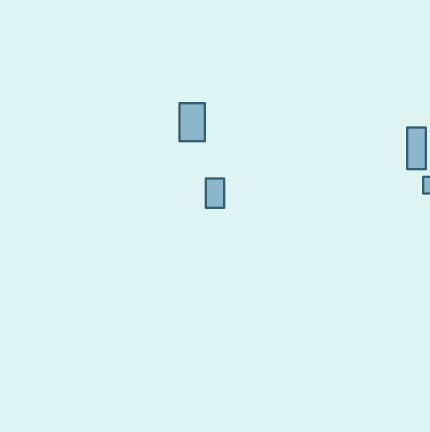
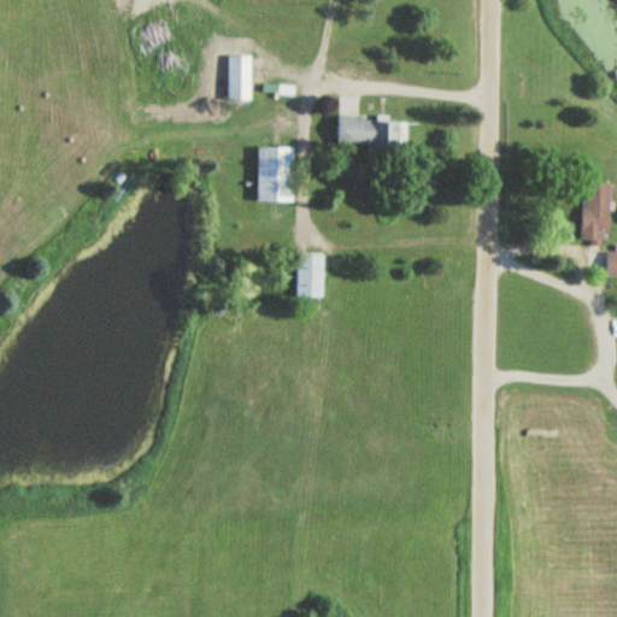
building: none -> [229,55,252,100]
building: none -> [337,117,401,146]

